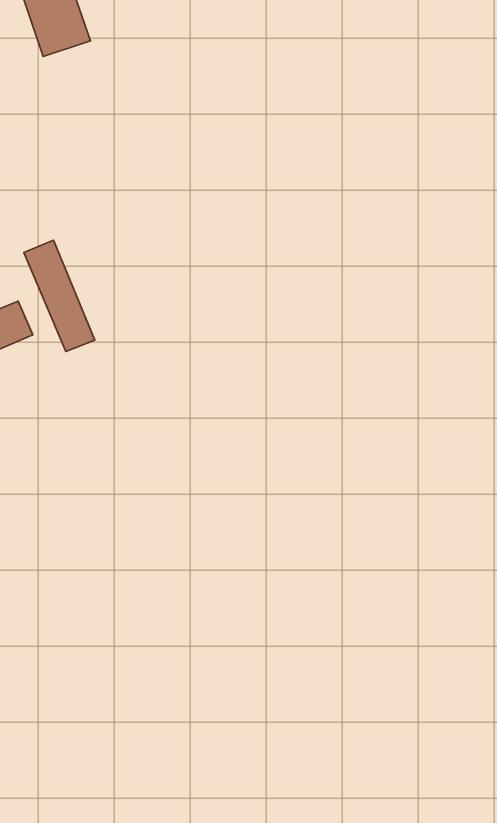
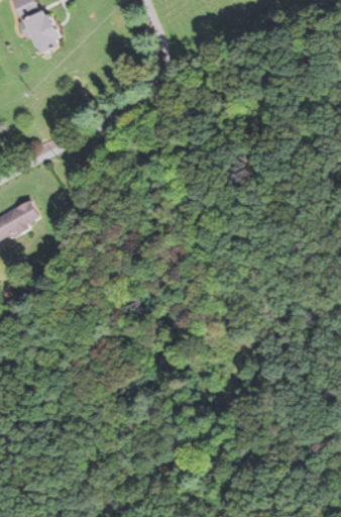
building: [24,240,95,351] -> none

